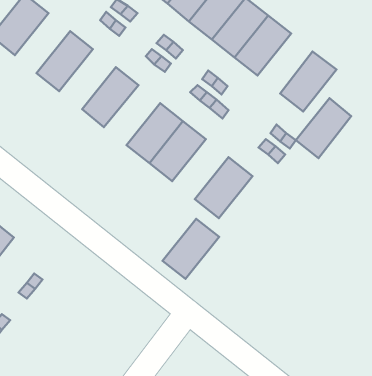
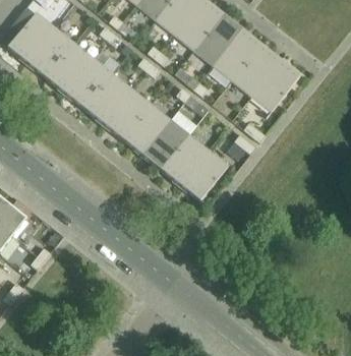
building: none -> [26,26,73,77]
building: none -> [64,57,112,108]
building: none -> [102,87,150,138]
building: [296,98,351,158] -> [232,44,279,95]
building: [163,219,219,279] -> [160,133,208,184]

